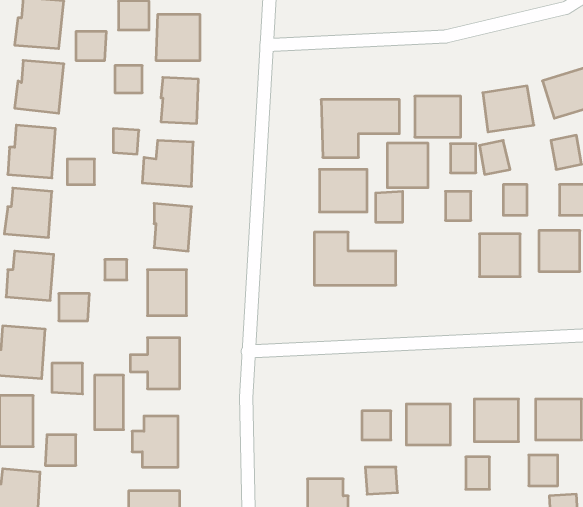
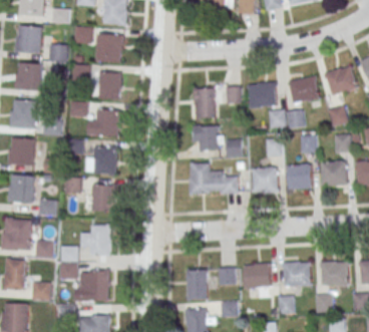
building: [387,143,428,188] -> [253,167,277,193]
building: none -> [187,270,206,299]

